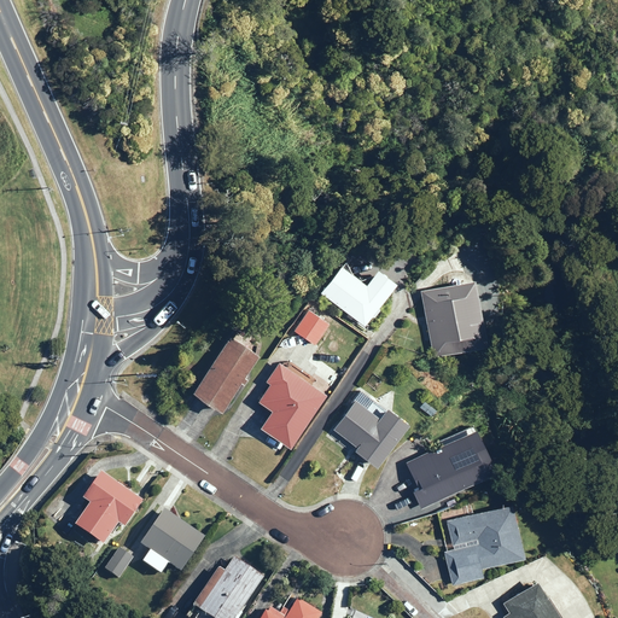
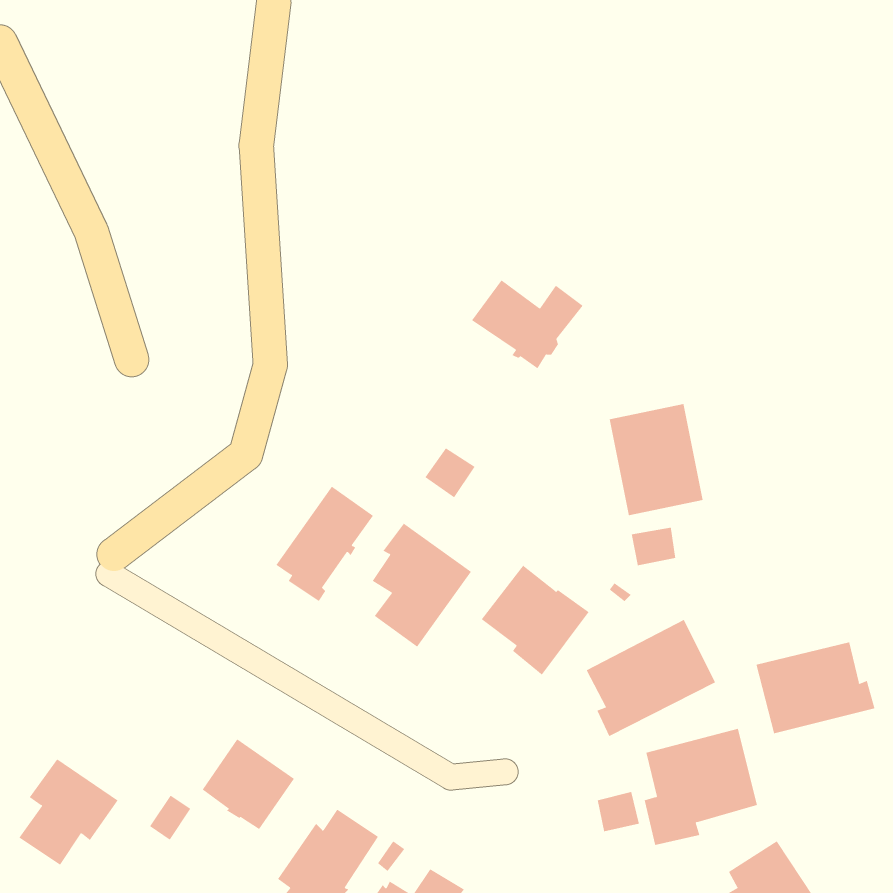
building: [319,264,396,326] -> [471,280,583,369]
building: none -> [631,527,676,566]
building: none -> [756,642,875,734]
building: [74,472,142,546] -> [18,758,118,865]
building: none -> [597,791,640,832]

